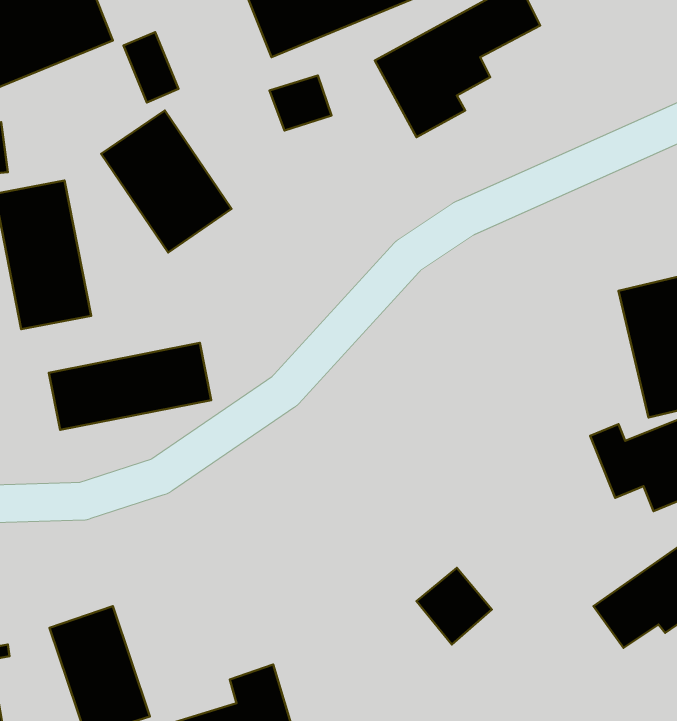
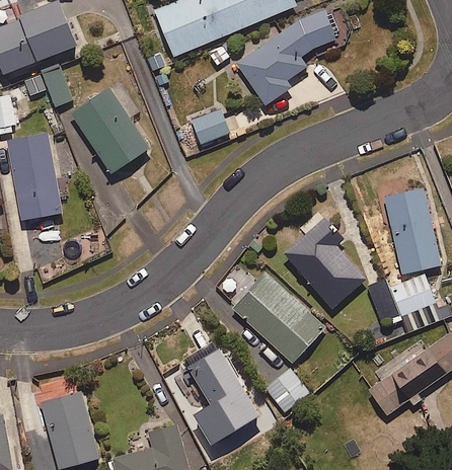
building: [124,32,179,102] -> [40,64,73,106]
building: [270,76,331,131] -> [191,109,228,143]
building: none -> [284,218,364,308]
building: [49,343,211,430] -> none
building: none -> [231,273,322,364]
building: none -> [183,340,260,445]

